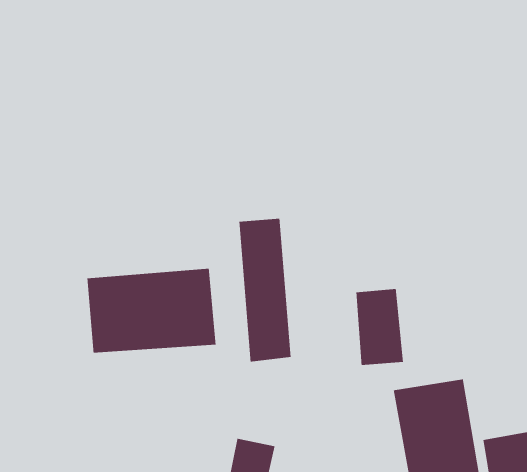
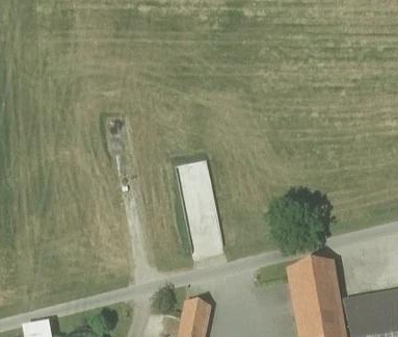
building: [87,268,216,353] -> none
building: [355,288,404,366] -> none

